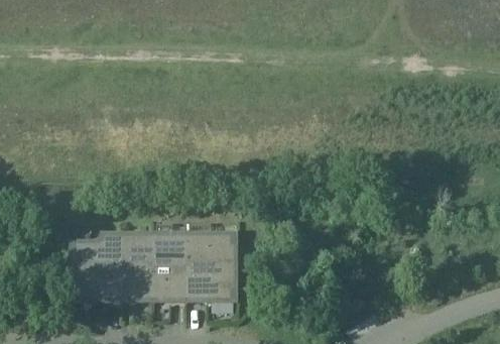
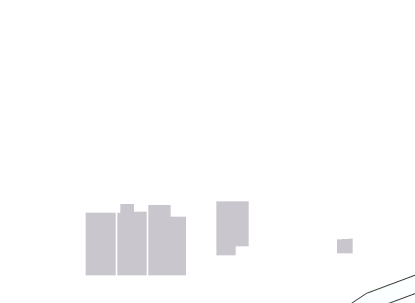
building: none -> [216,200,249,256]
building: [77,236,125,300] -> none

